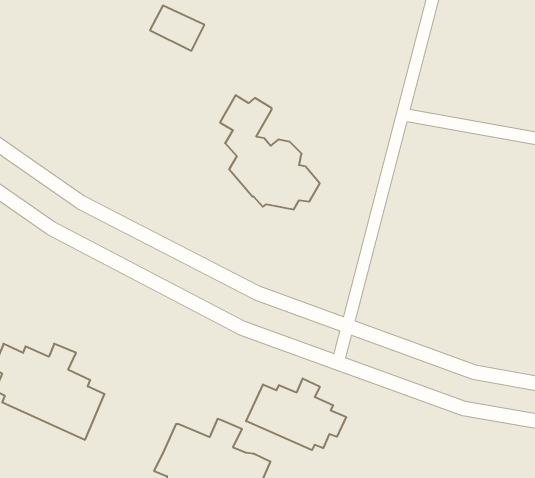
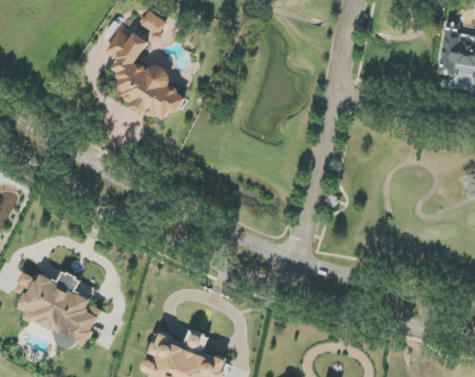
building: [220,95,320,209] -> [106,30,184,118]
building: [246,378,346,450] -> none

